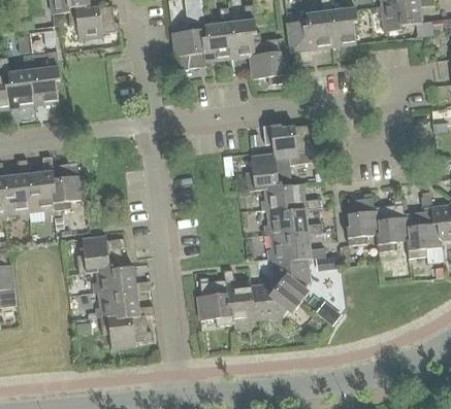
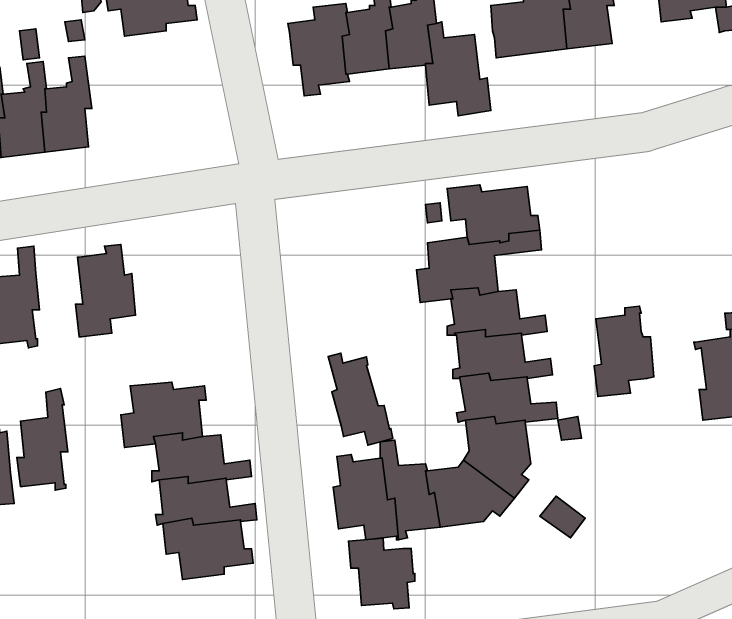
building: [25,157,54,214] -> [17,389,68,490]
building: [372,200,409,252] -> none
building: none -> [328,353,393,445]
building: none -> [348,538,415,609]

